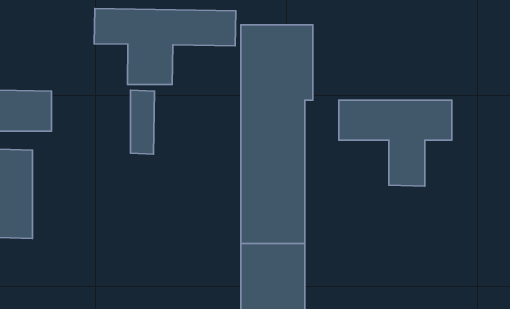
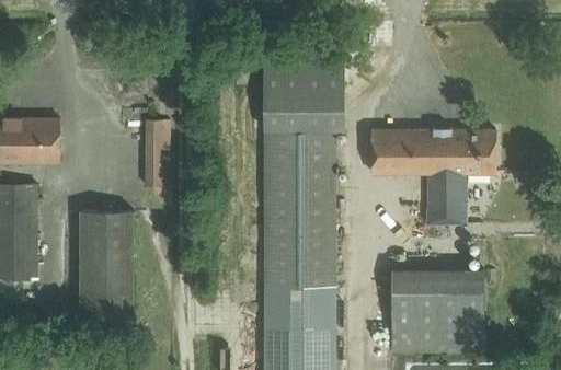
building: [94,9,236,85] -> none
building: none -> [79,211,134,317]
building: none -> [390,270,483,351]

